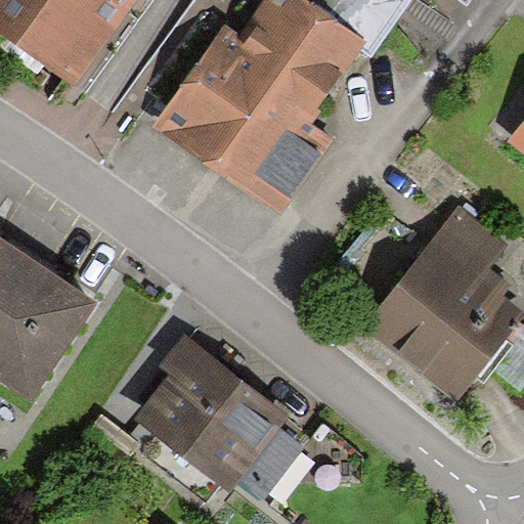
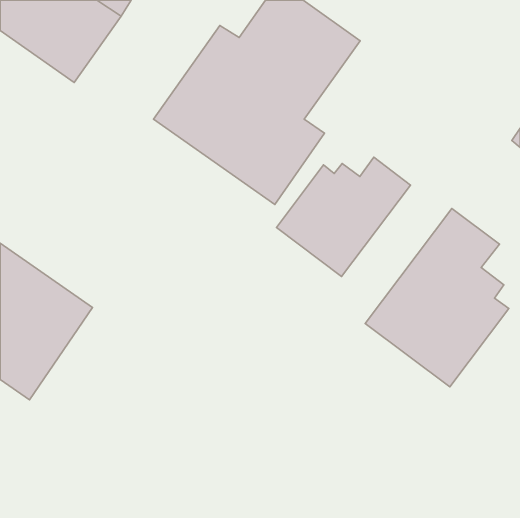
building: none -> [277,157,410,277]
building: [140,336,298,492] -> none

